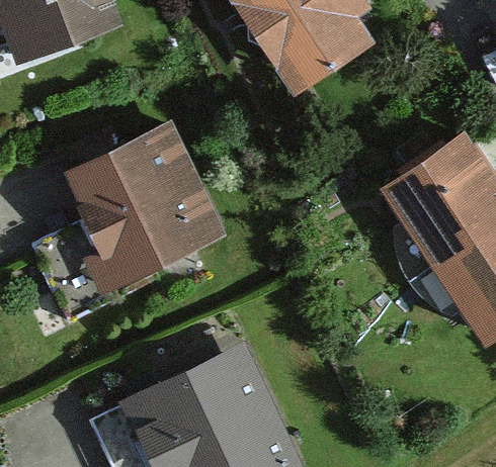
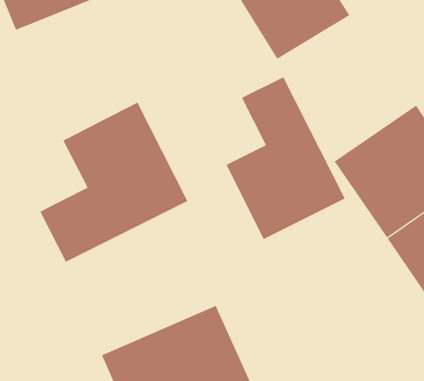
building: none -> [226,77,345,240]

